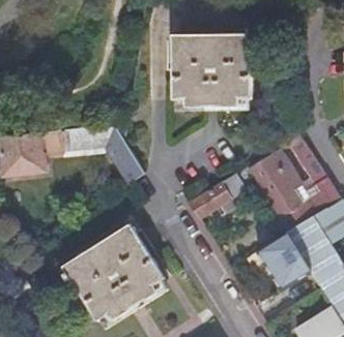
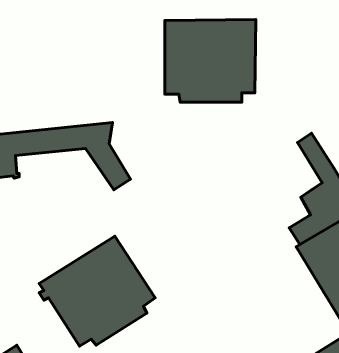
building: [189,149,300,218] -> none
building: [257,233,311,290] -> none

